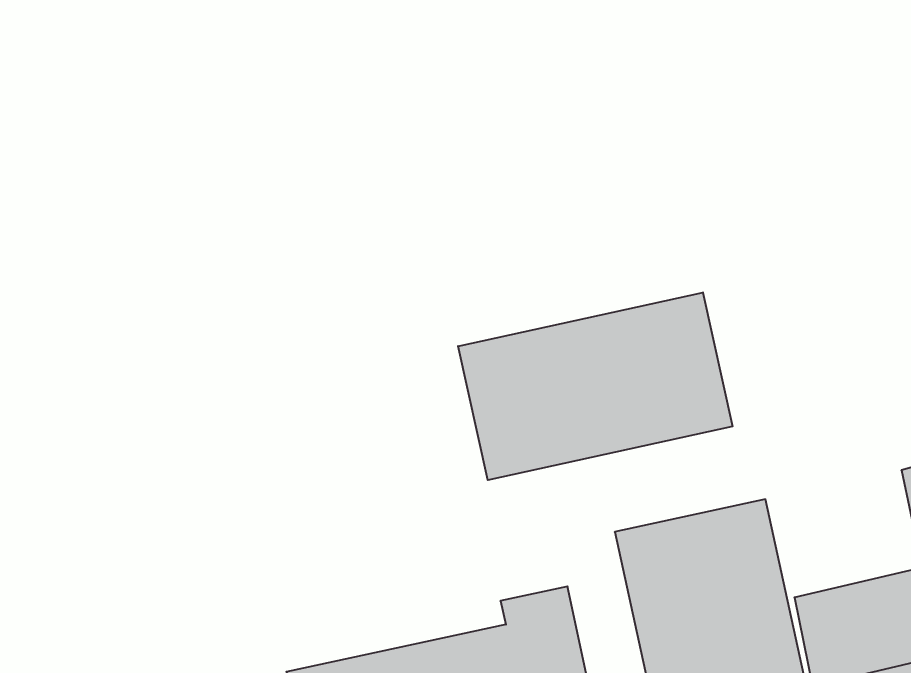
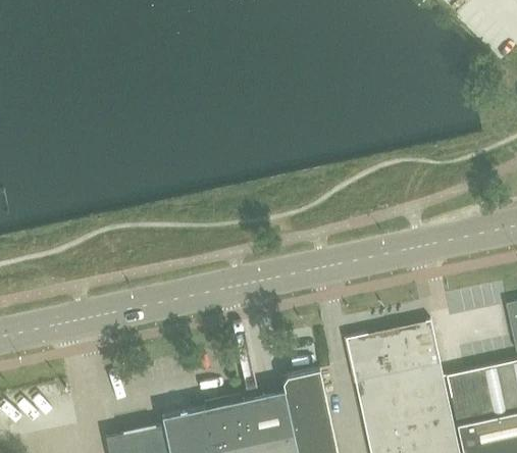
building: [458,292,733,480] -> none

